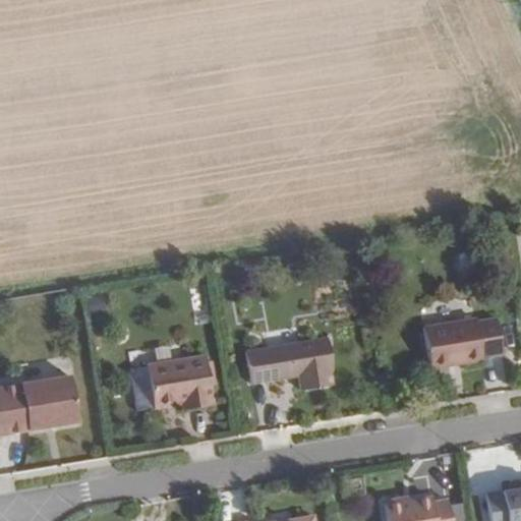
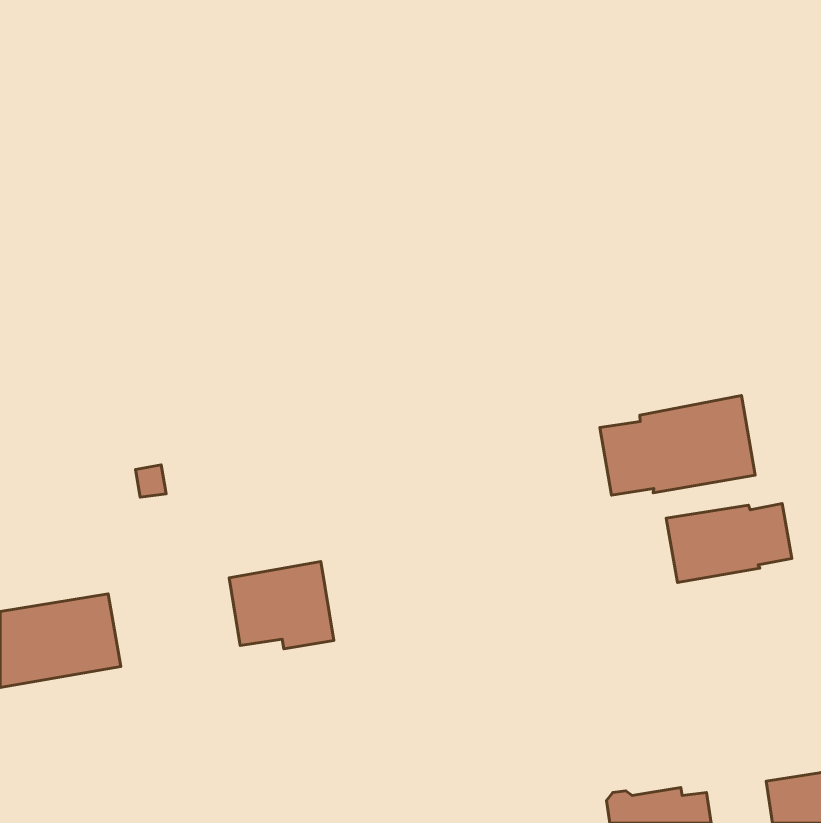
building: none -> [600,395,755,495]
building: [245,338,333,390] -> none

